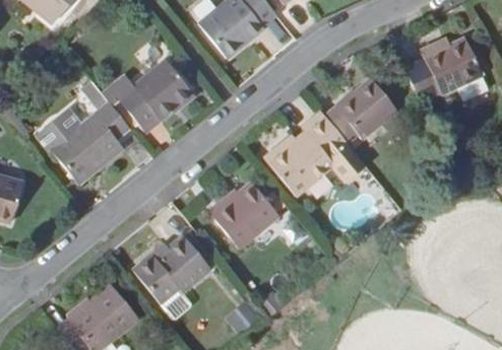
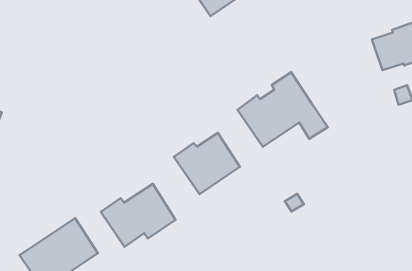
building: [121,59,196,128] -> none
building: [43,83,132,181] -> none
building: [325,84,388,141] -> none

